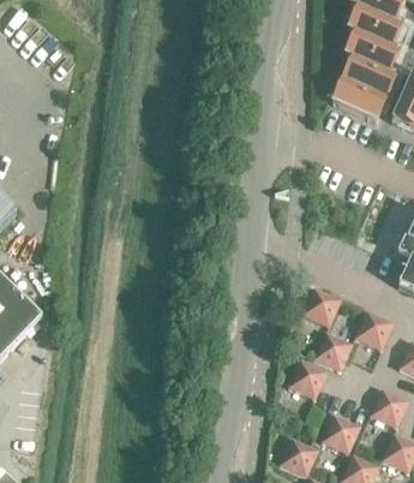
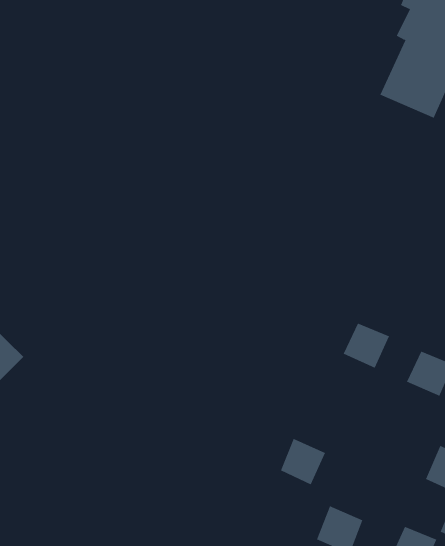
building: [313,333,350,370] -> none
building: [288,360,325,399] -> [280,438,326,485]
building: [320,416,359,453] -> none

